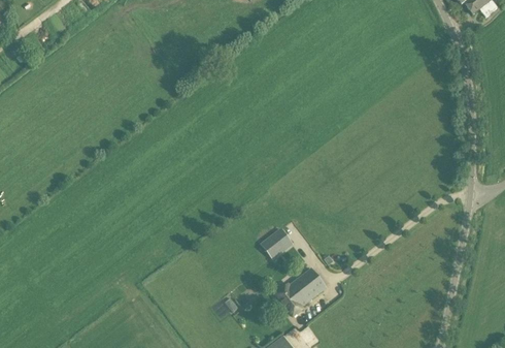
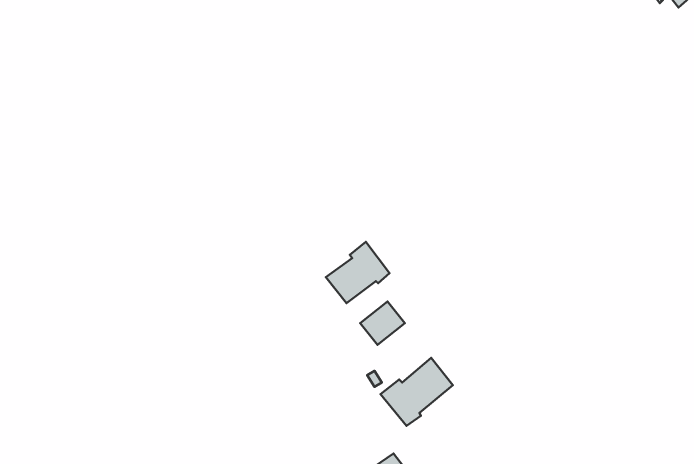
building: none -> [326,242,390,303]

